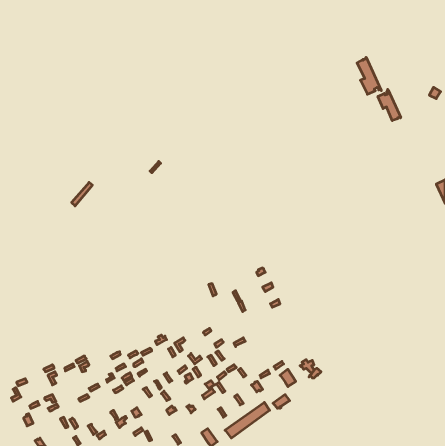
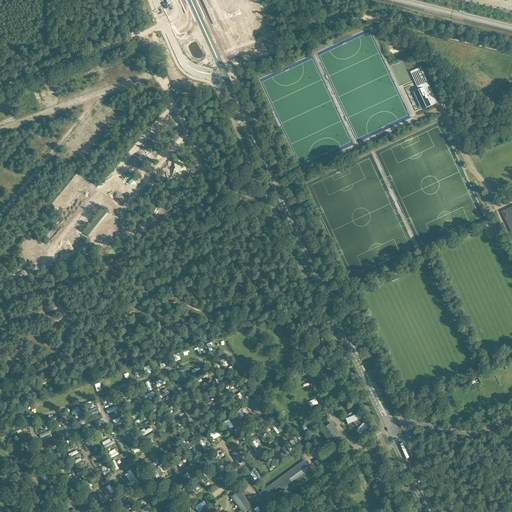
building: [378,89,401,121] -> none

